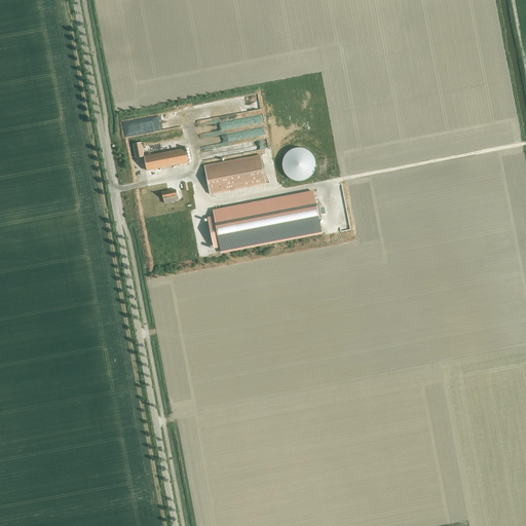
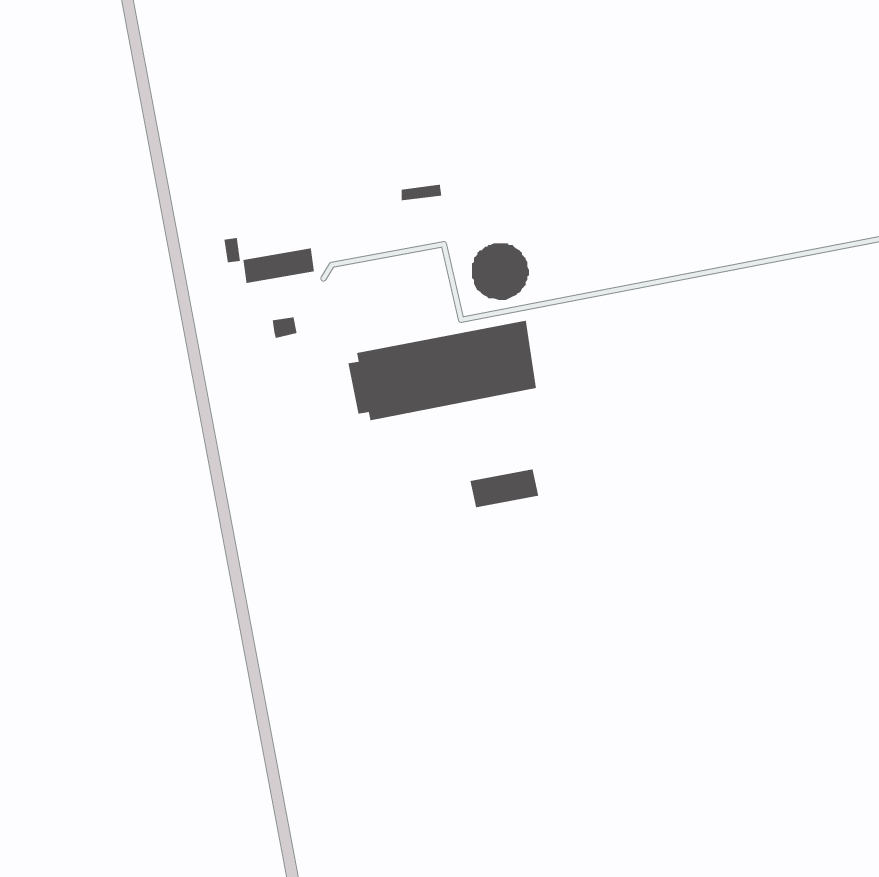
building: [204,154,266,193] -> none
building: none -> [469,468,539,508]

